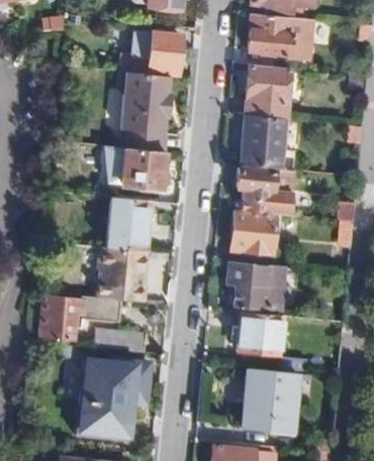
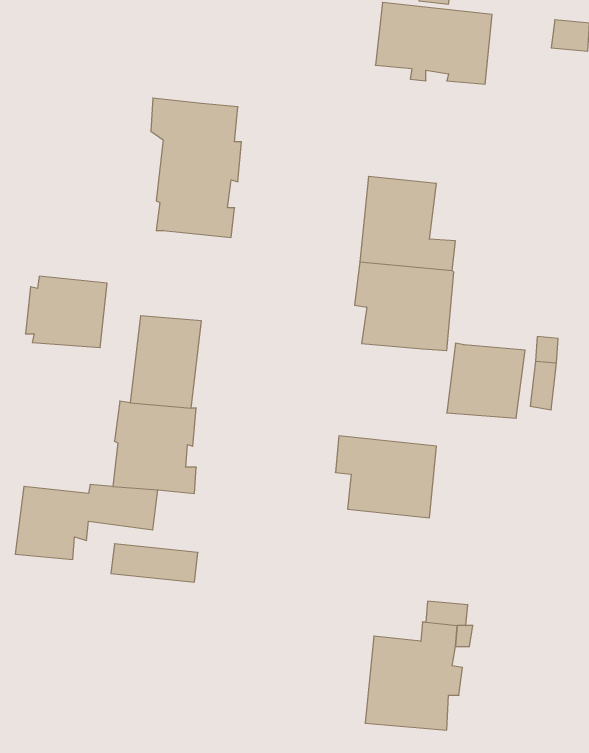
building: [130,30,181,76] -> none
building: [245,65,290,119] -> none
building: [117,146,165,188] -> [25,276,107,348]
building: [230,211,276,254] -> [447,343,525,418]
building: [237,314,284,355] -> none
building: [74,359,147,438] -> none

